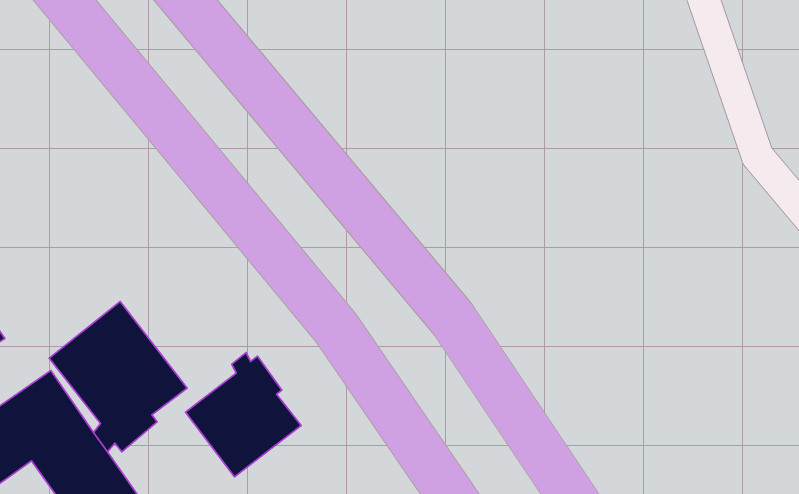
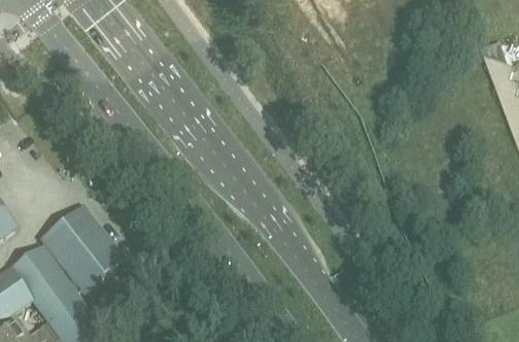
building: [186,352,301,477] -> none

